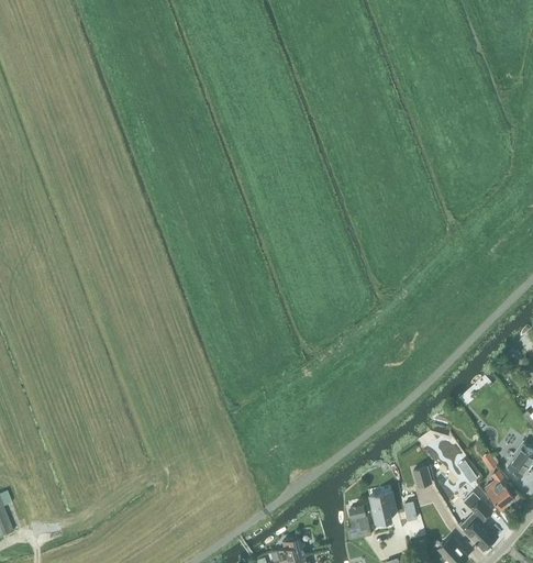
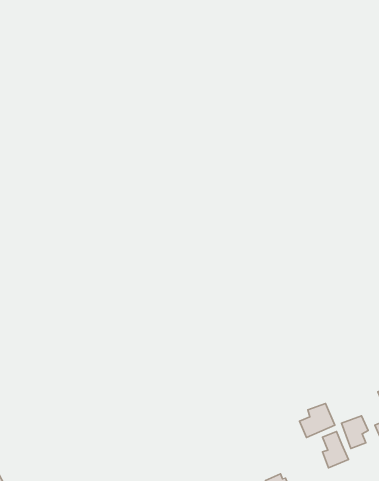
building: none -> [299,403,335,437]

